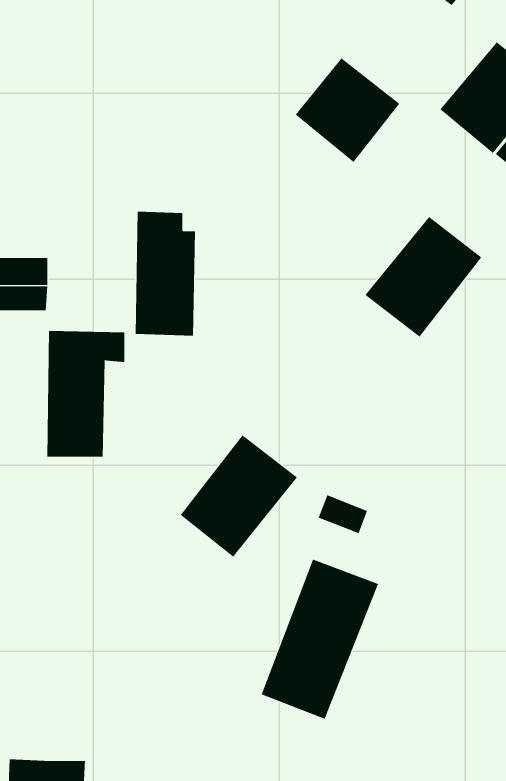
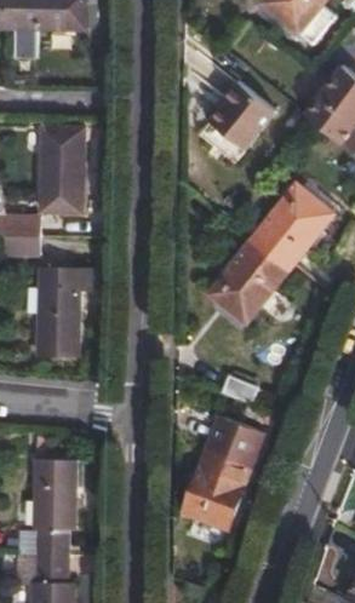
building: [135,211,196,336] -> [41,125,82,209]
building: [180,435,298,558] -> [211,240,291,323]
building: none -> [33,460,74,556]

